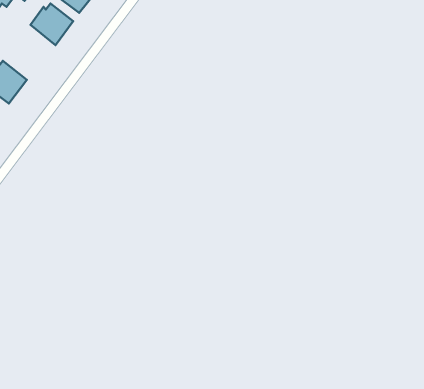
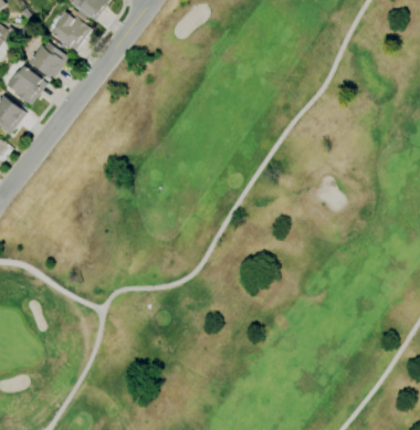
building: none -> [8,65,48,106]

